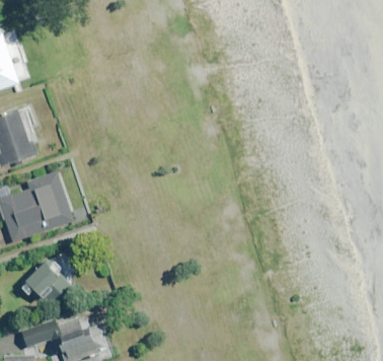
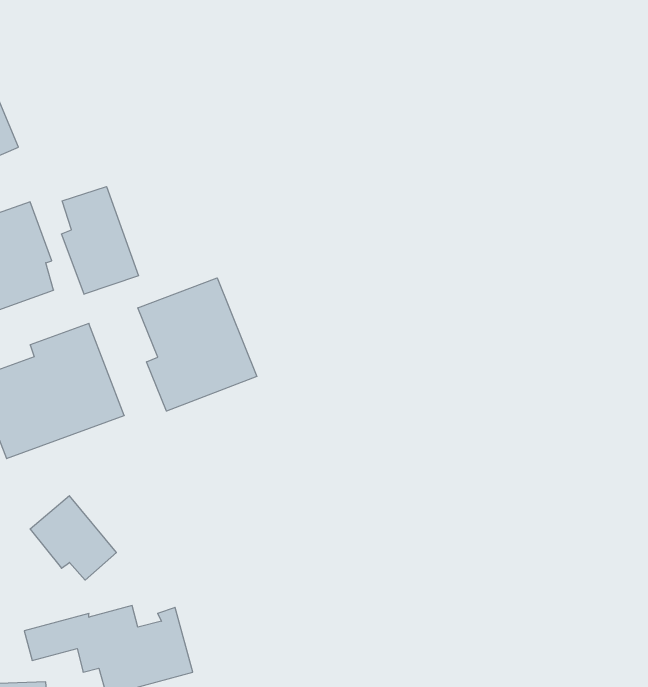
building: none -> [61,187,138,294]
building: none -> [138,278,257,411]

